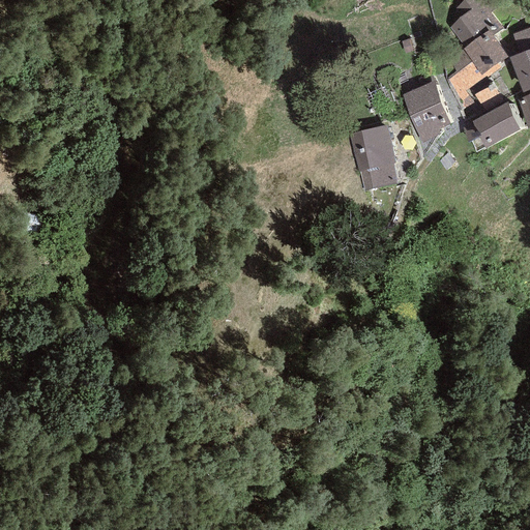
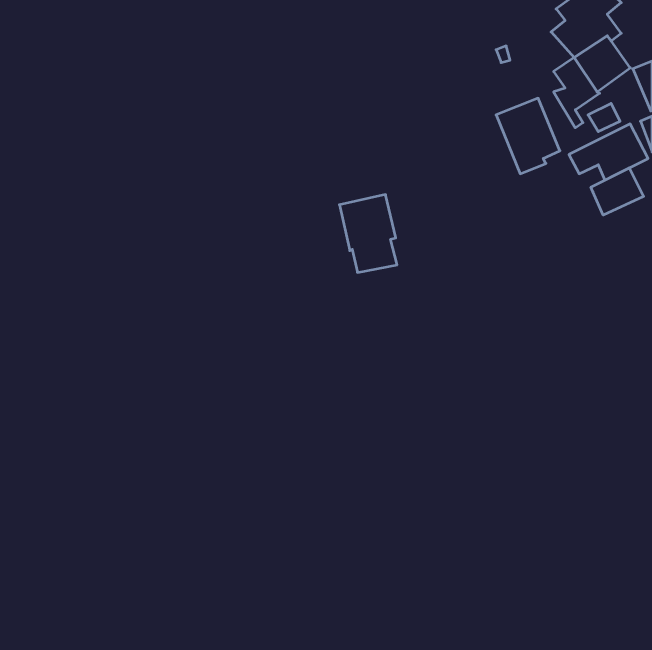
building: [351,125,398,188] -> [339,195,397,272]
building: none -> [591,168,644,215]

